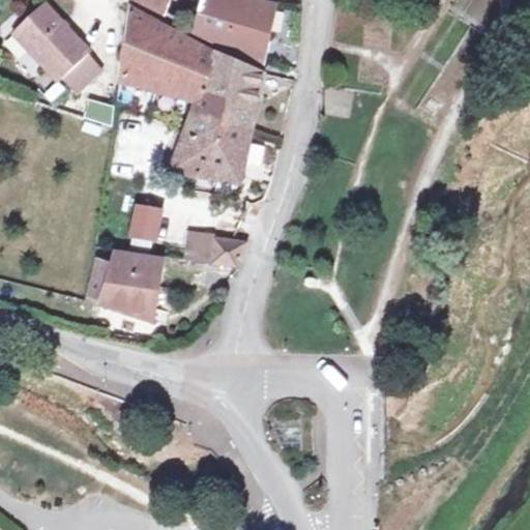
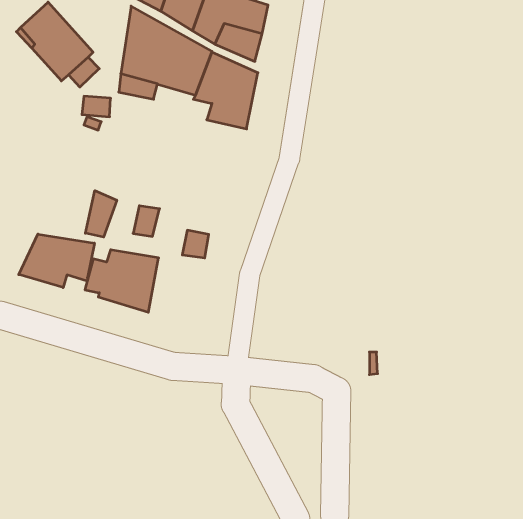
building: [167,100,249,181] -> none
building: none -> [85,191,117,237]
building: [207,235,245,265] -> none
building: none -> [19,234,94,288]

